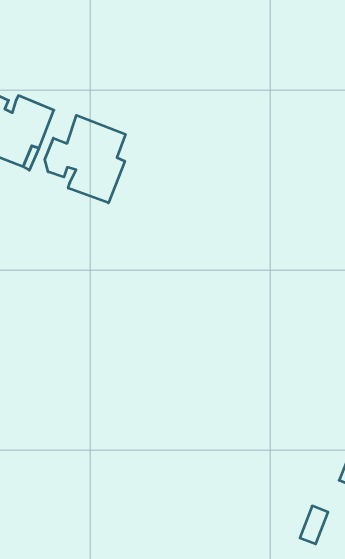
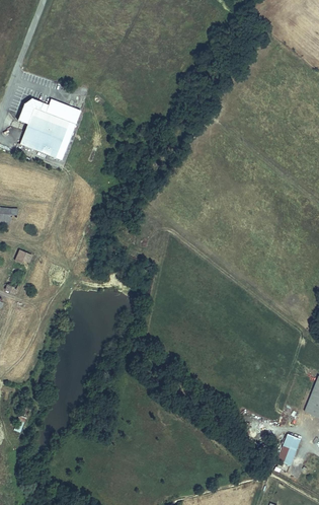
building: [45,115,125,203] -> none

